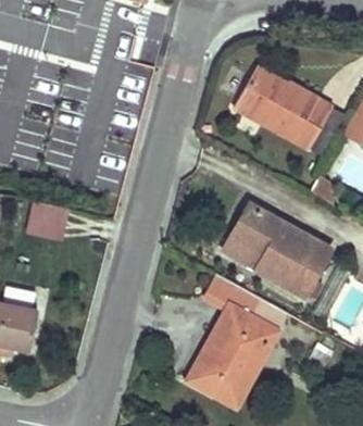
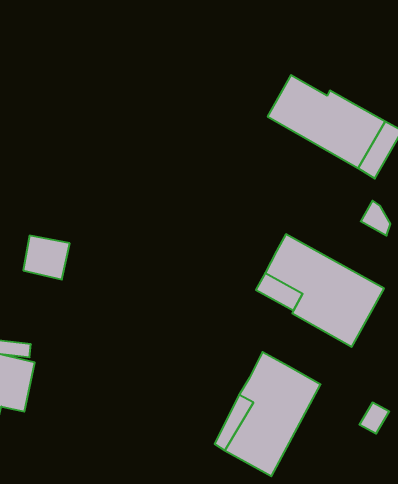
building: [203,272,260,314] -> none

